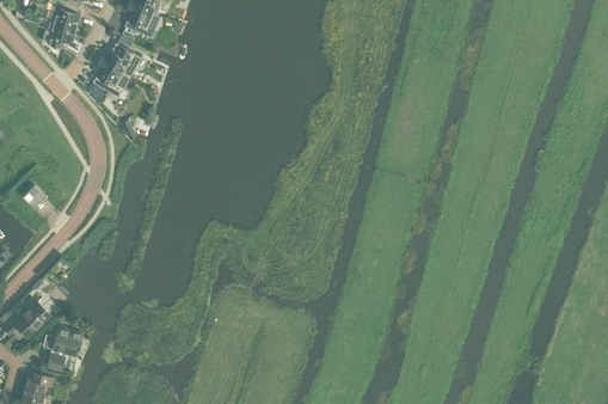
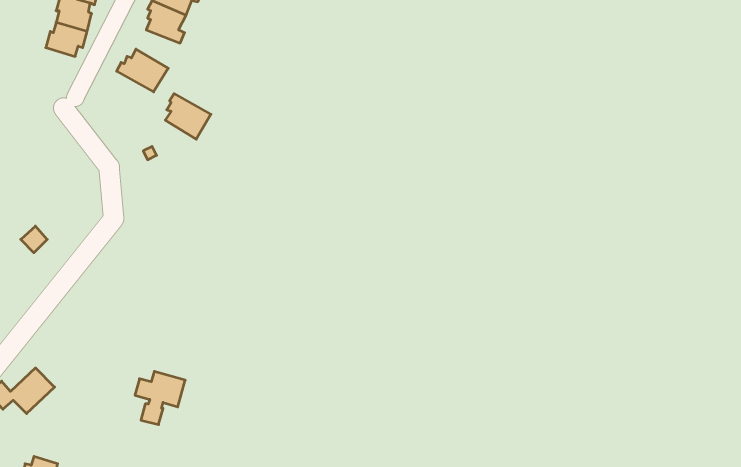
building: [93,60,130,97] -> [165,94,211,139]
building: [42,326,82,369] -> [135,371,185,425]

